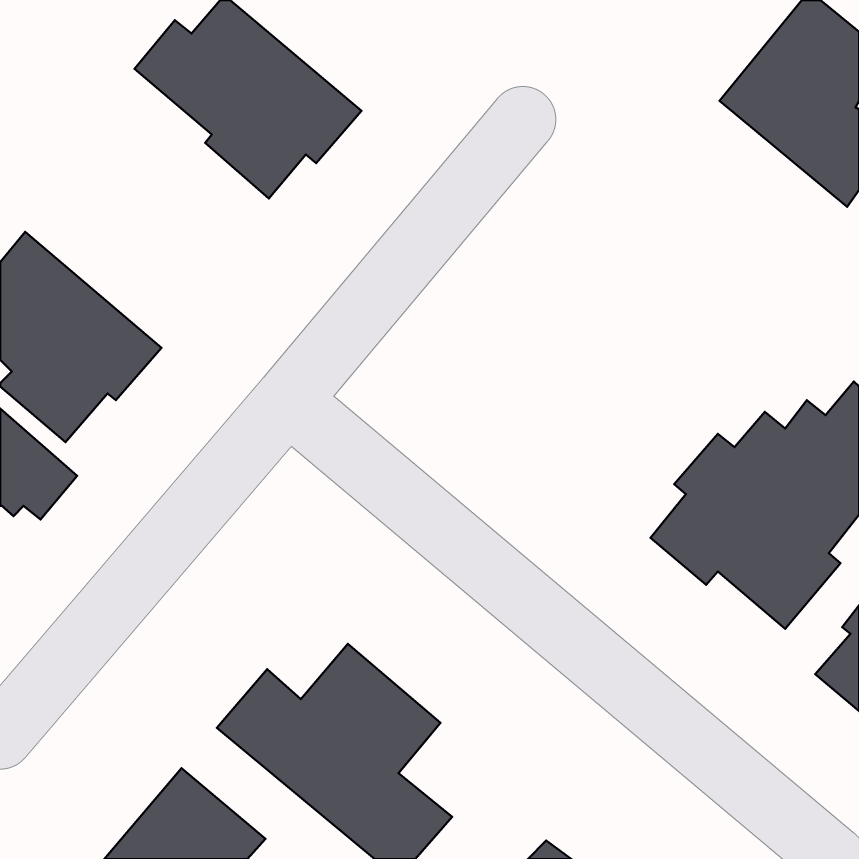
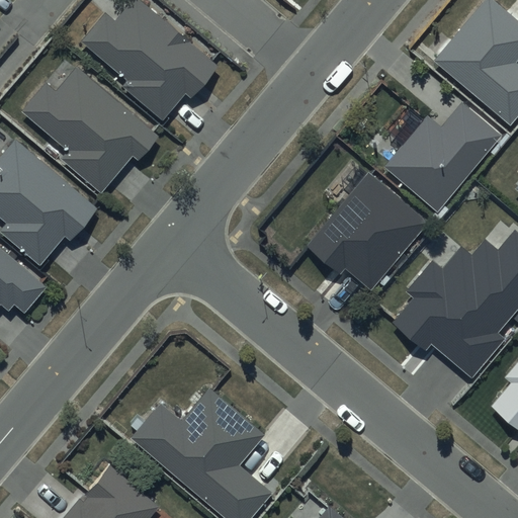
building: none -> [21,67,157,193]
building: none -> [383,102,501,211]
building: none -> [305,172,427,287]

